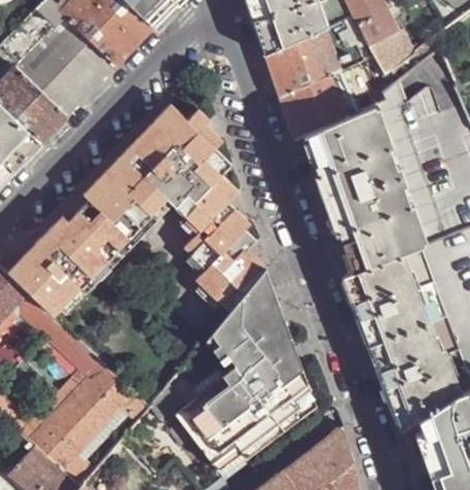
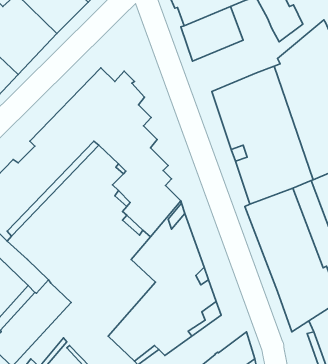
building: [279,72,357,139] -> none

